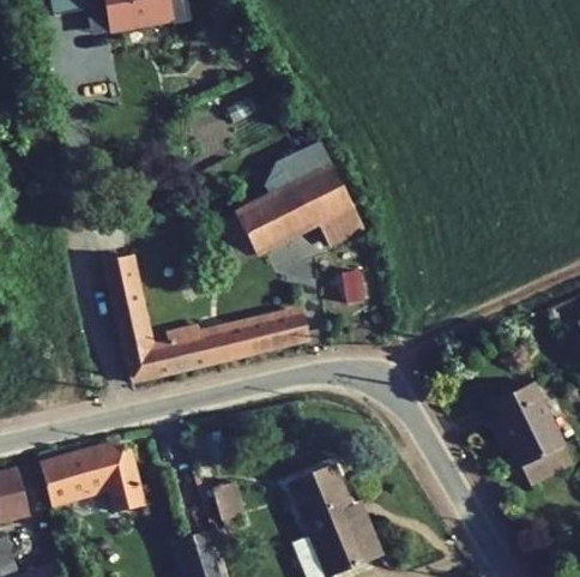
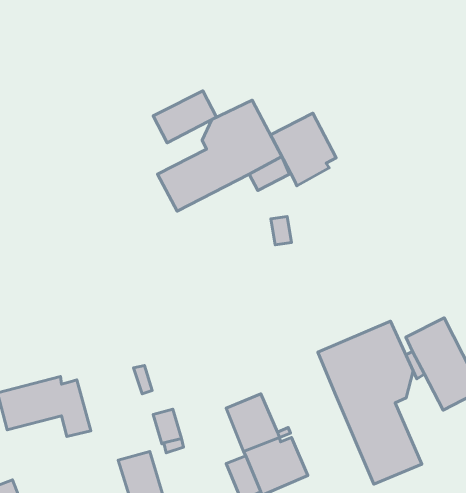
building: none -> [153,91,216,143]
building: none -> [270,113,336,186]
building: [105,253,312,379] -> none
building: none -> [318,321,422,484]

